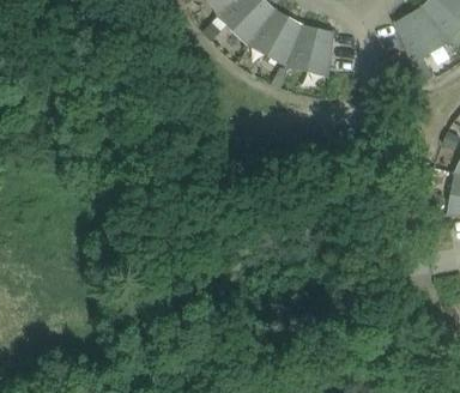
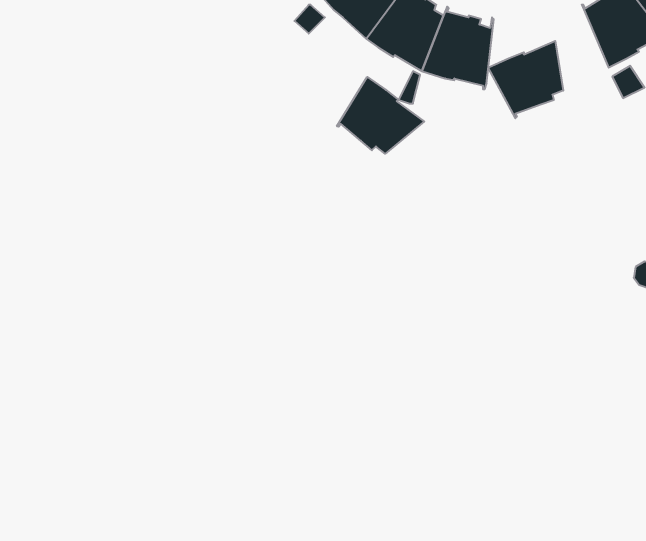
building: none -> [488,41,563,118]
building: none -> [337,77,424,154]

